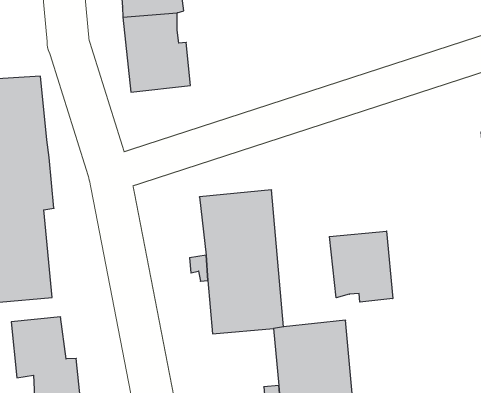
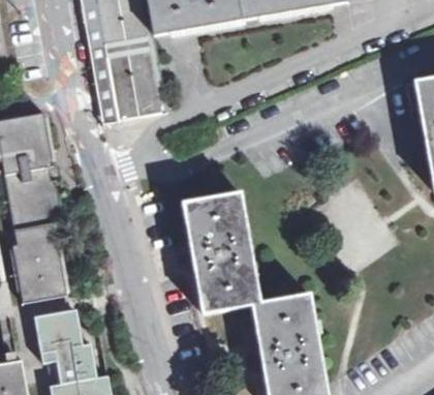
building: [329,231,393,302] -> none

